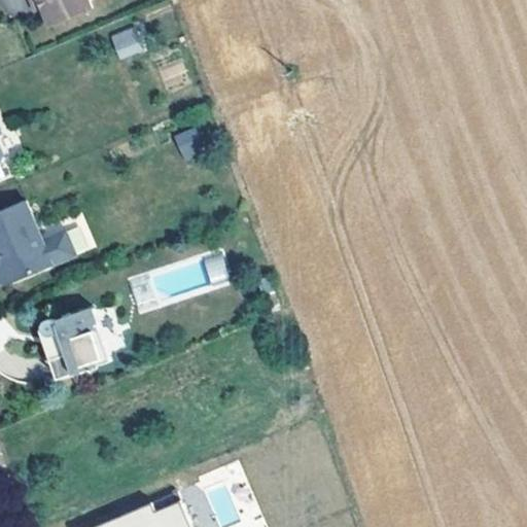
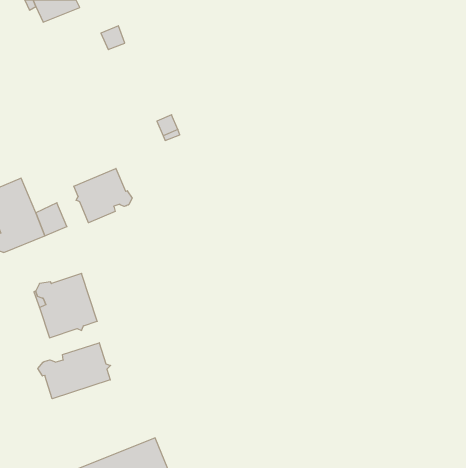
building: none -> [74,168,132,223]
building: none -> [38,343,111,399]

